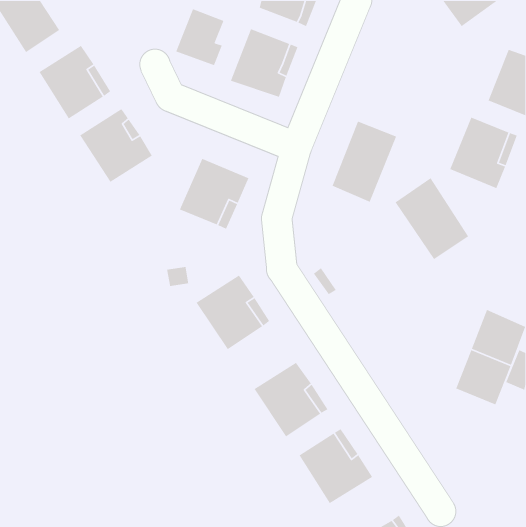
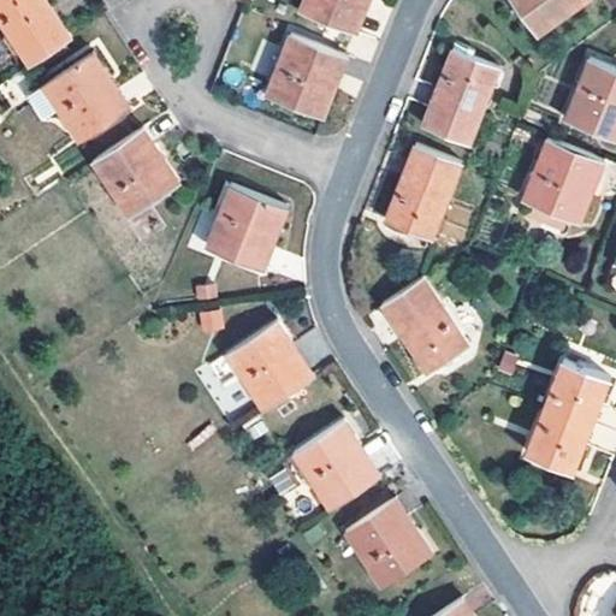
building: [175,8,225,66] -> none
building: none -> [422,51,498,144]
building: [394,177,469,260] -> [381,277,468,373]

